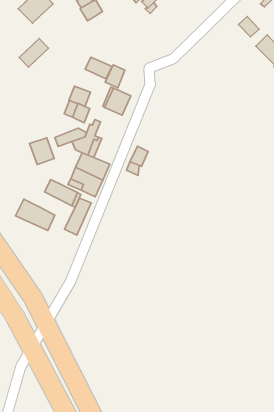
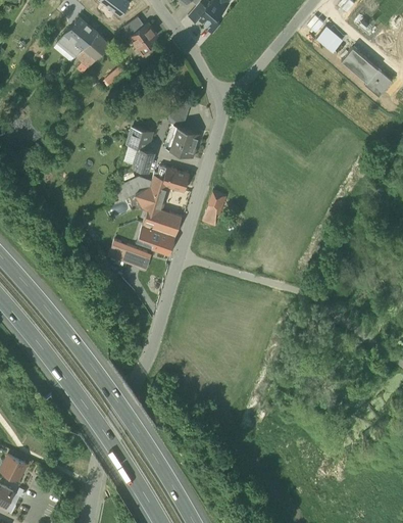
building: [19,39,49,67] -> [75,35,109,69]
building: [85,57,112,79] -> none
building: none -> [161,168,189,191]
building: [30,138,54,164] -> none
building: [65,198,91,235] -> none
building: [15,199,55,230] -> none

